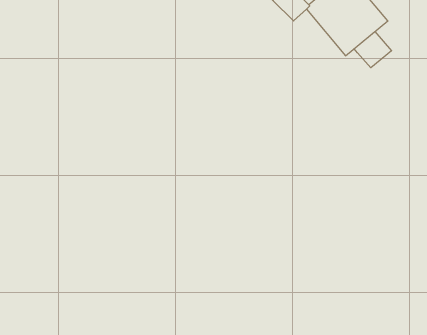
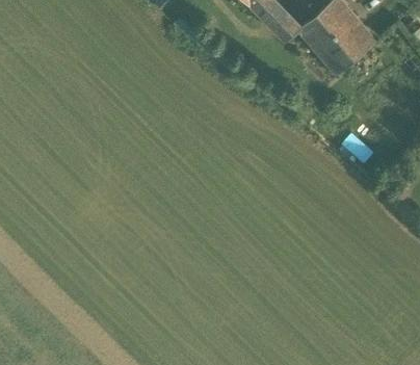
building: [354,32,392,68] -> none

